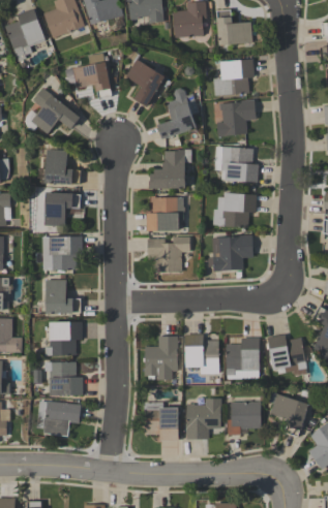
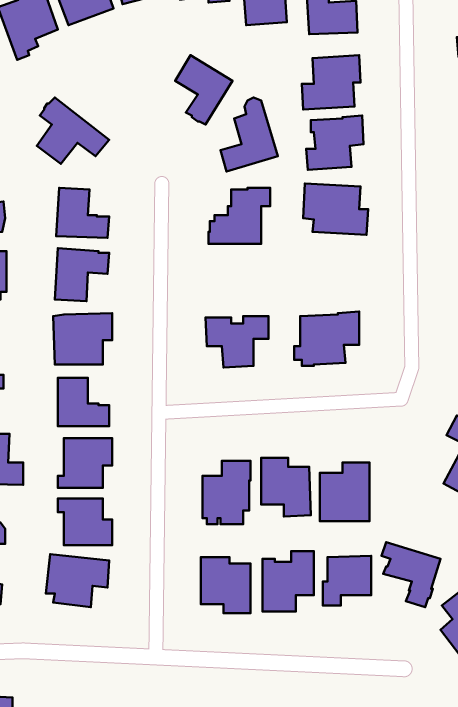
building: [65,53,112,98] -> none
building: [212,192,258,228] -> none
building: [146,197,184,230] -> none
building: [267,335,307,378] -> none

